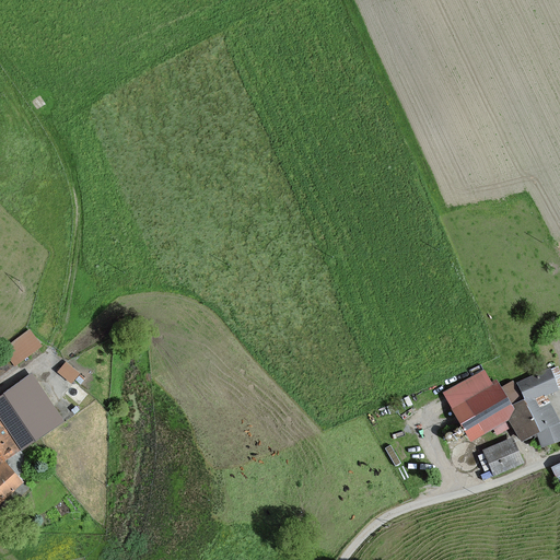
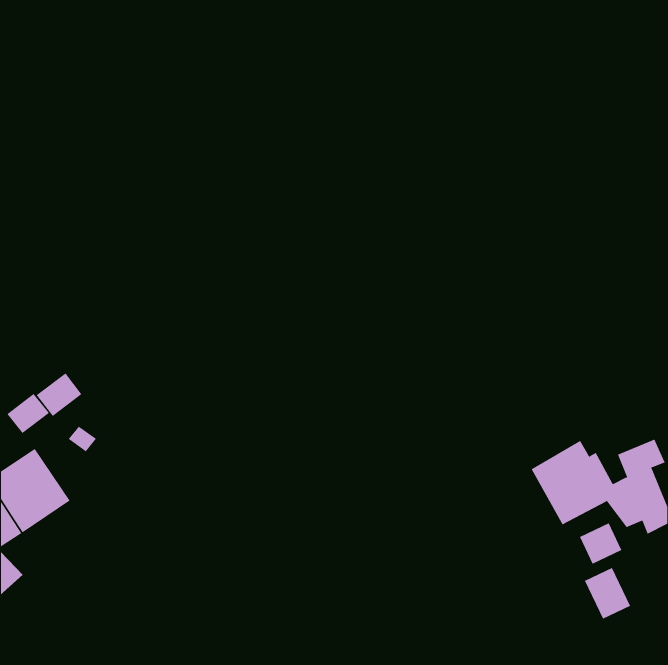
building: none -> [36,372,82,417]
building: none -> [584,567,631,620]

